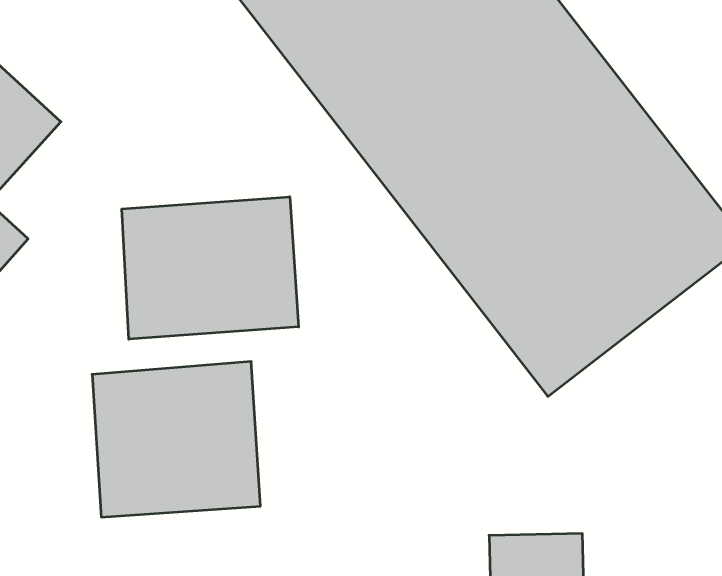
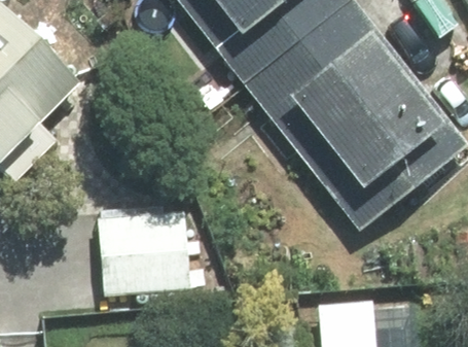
building: [122,197,299,339] -> none

